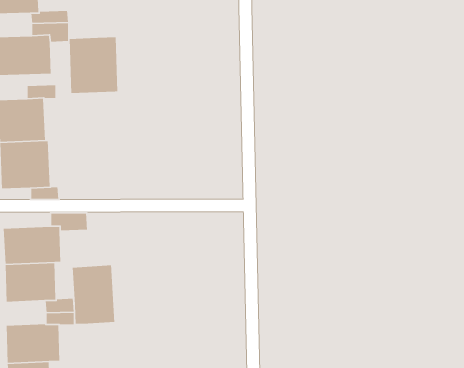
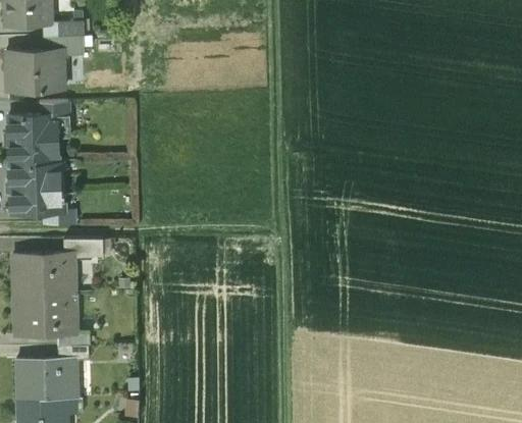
building: [69,37,118,94] -> none
building: [72,264,115,324] -> none

